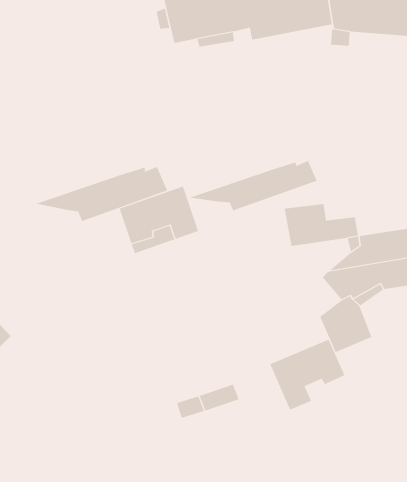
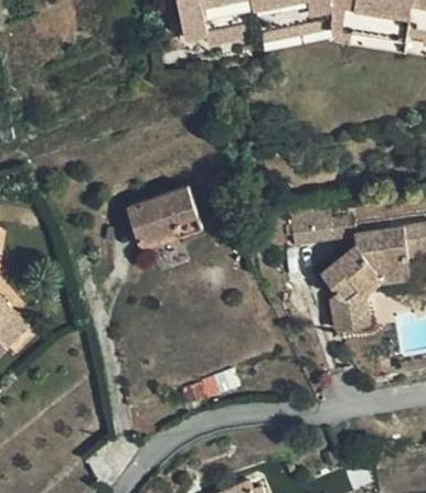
building: [188,160,317,211] -> none
building: [34,166,168,222] -> none
building: [270,339,345,411] -> none

